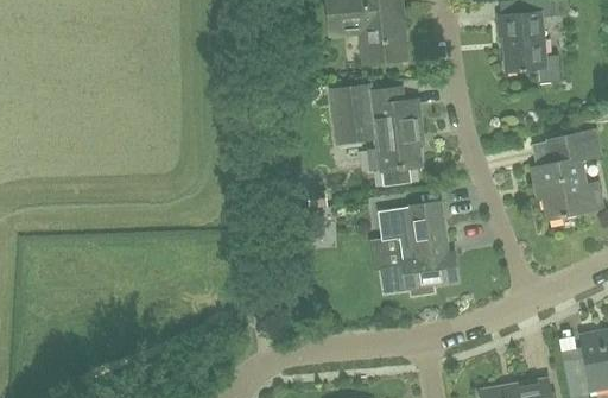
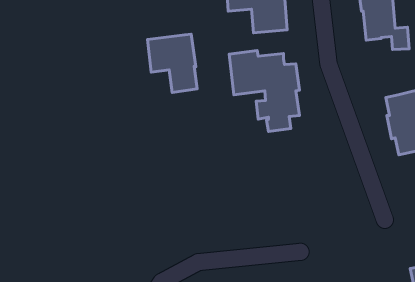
building: none -> [147,34,197,92]
building: [378,201,457,295] -> none

